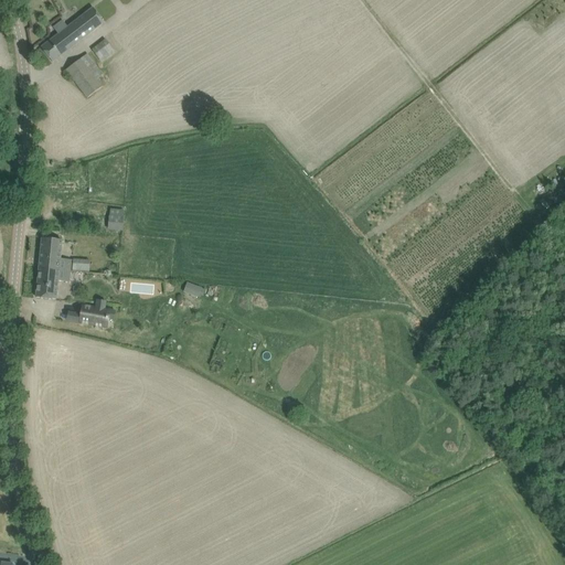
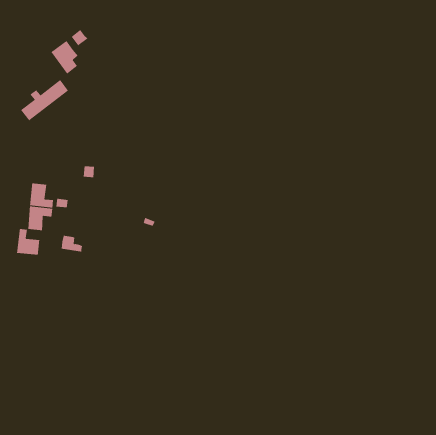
building: [40,6,103,60] -> [20,79,69,121]
building: none -> [17,228,40,256]

